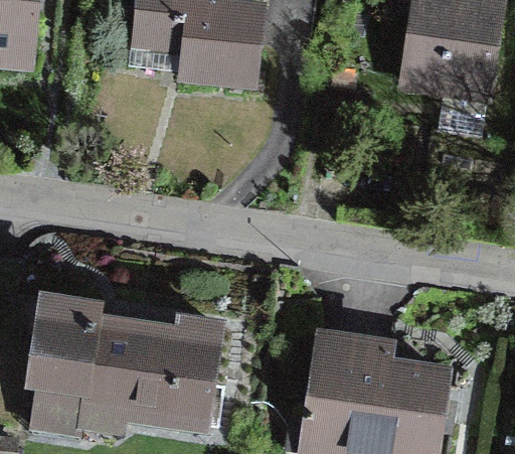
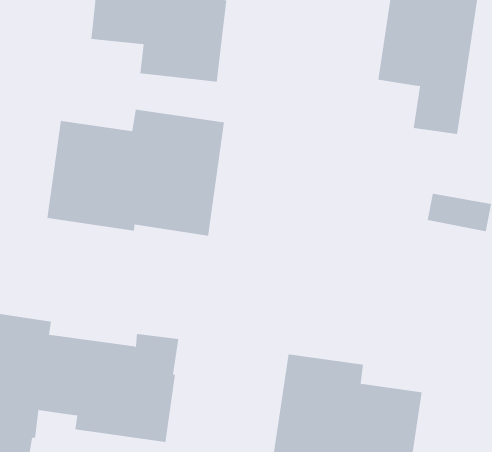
building: none -> [47,109,224,236]

